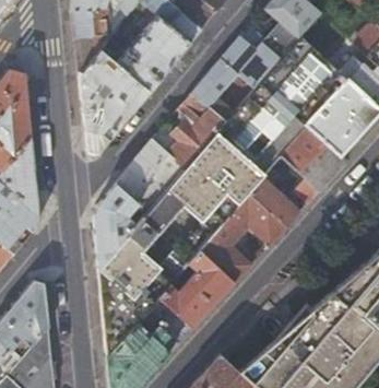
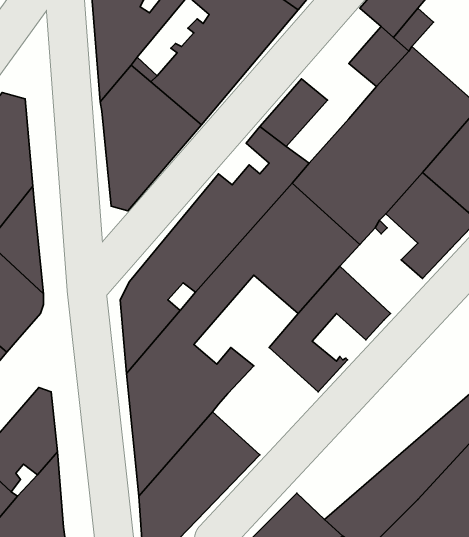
building: [222,37,275,89] -> none
building: [249,178,300,227] -> none
building: [158,251,234,328] -> none

